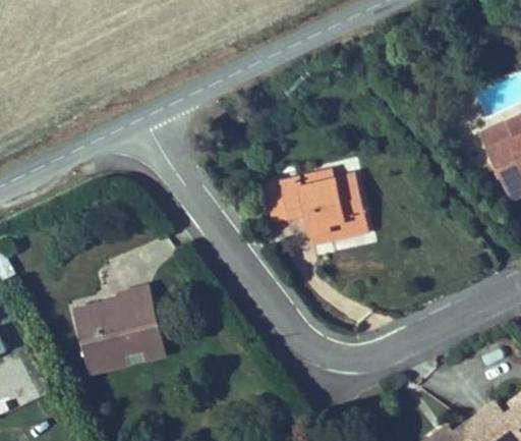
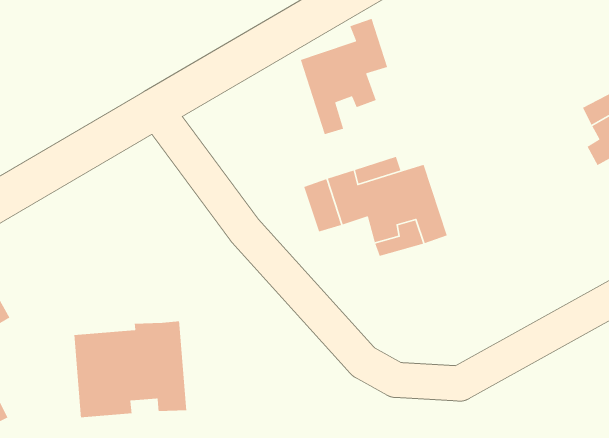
building: none -> [300,18,388,135]

